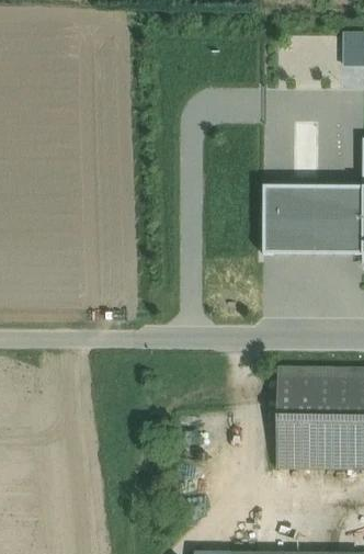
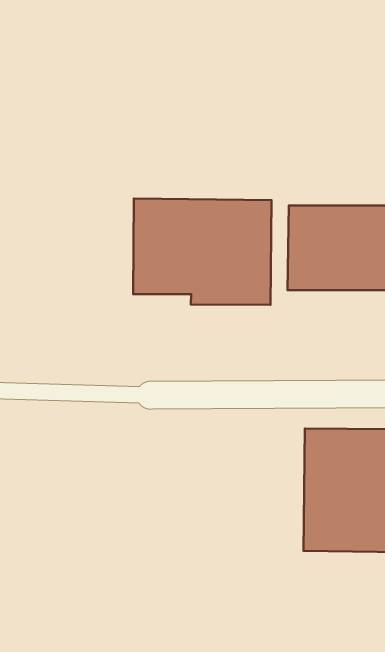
building: none -> [133,199,272,305]

